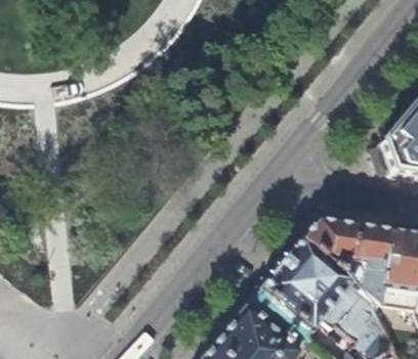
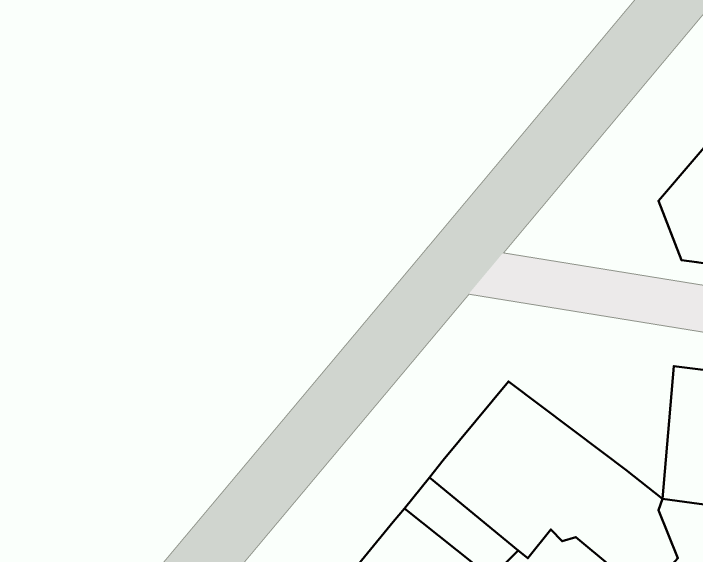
building: [302,218,390,300] -> none

